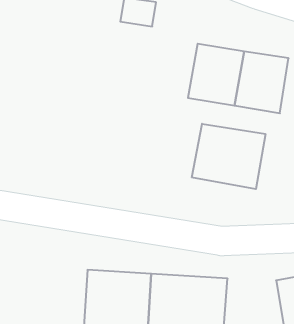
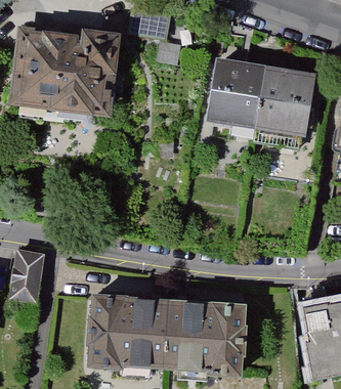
building: none -> [22,34,125,115]
building: [192,124,265,189] -> none
building: none -> [14,253,50,307]

